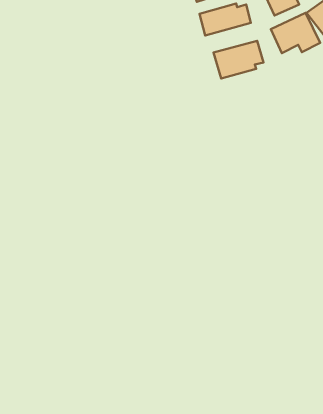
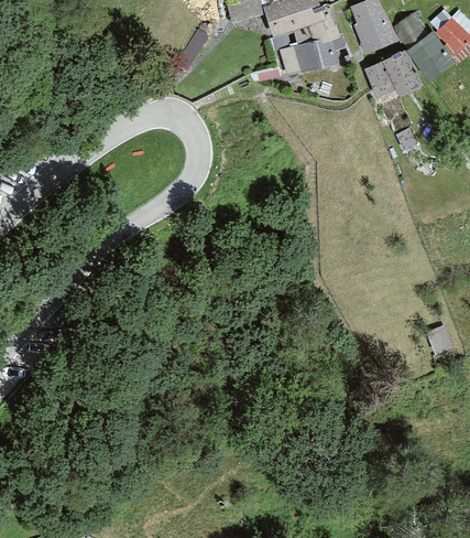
building: [214,41,264,78] -> none

